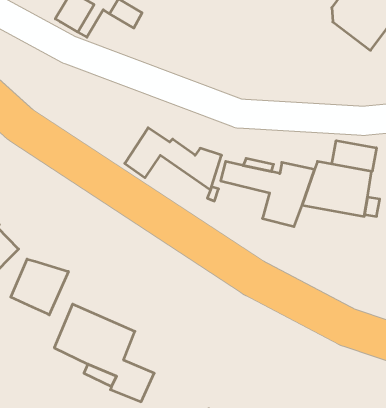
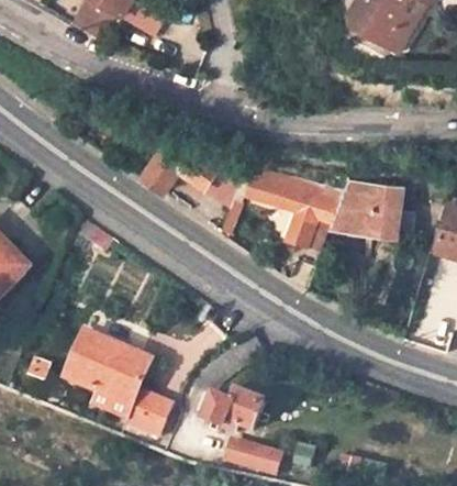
building: [332,141,376,171] -> none
building: [11,259,68,315] -> none
building: none -> [199,391,260,433]

